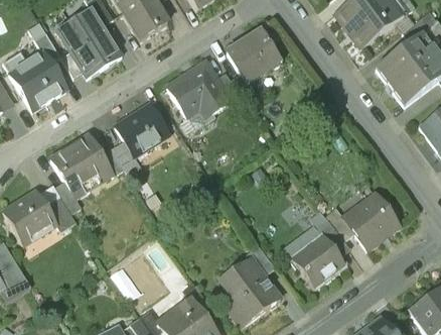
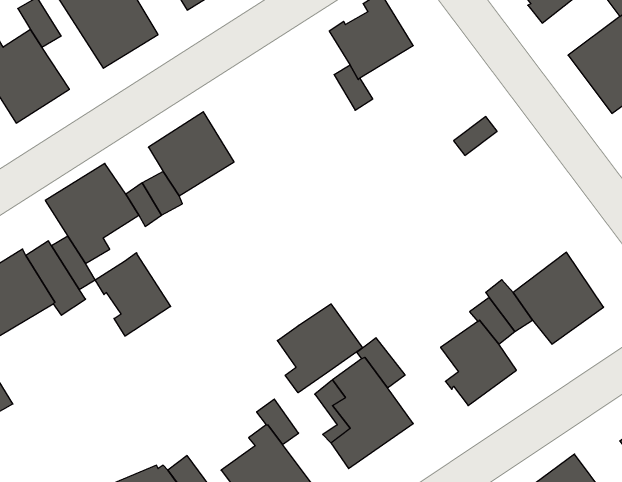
building: [168,63,230,117] -> none
building: none -> [95,253,171,336]
building: none -> [277,304,363,393]

